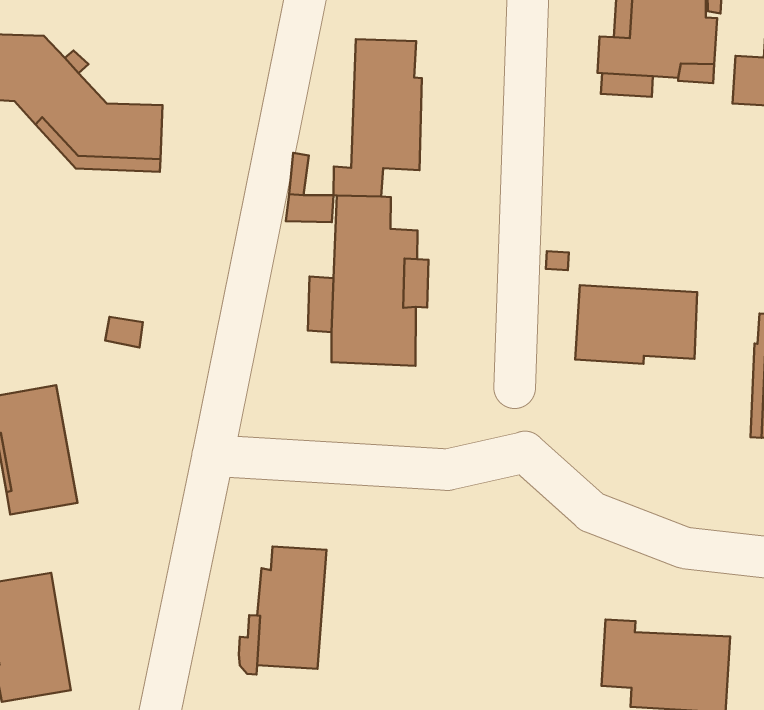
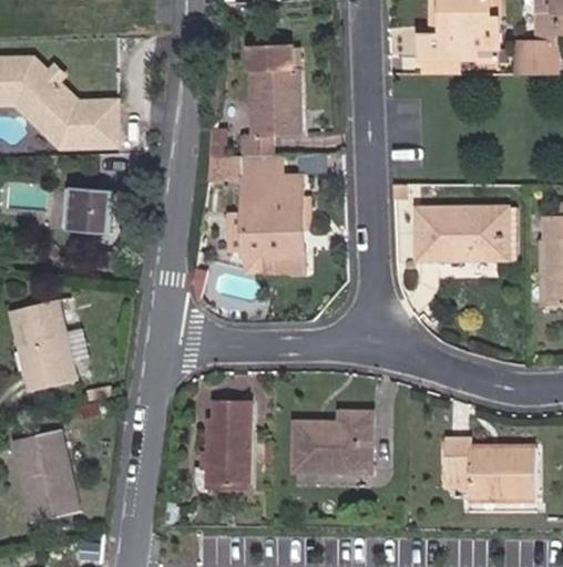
building: none -> [64,185,112,234]
building: none -> [463,206,513,259]
building: none -> [295,412,370,471]

